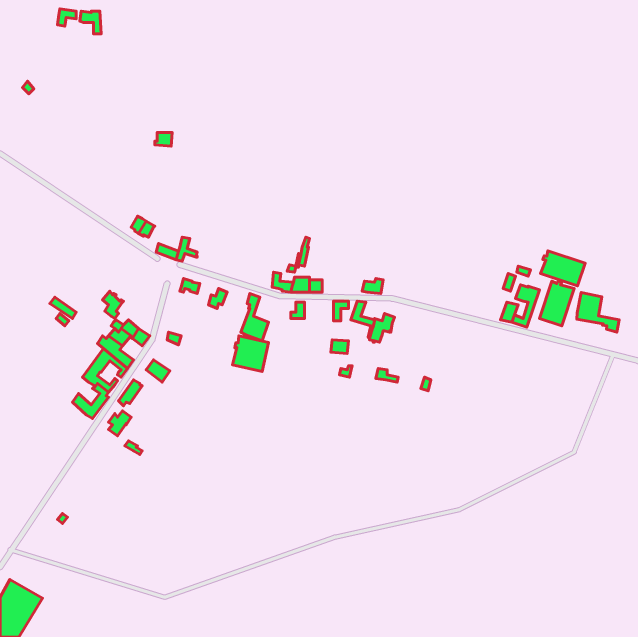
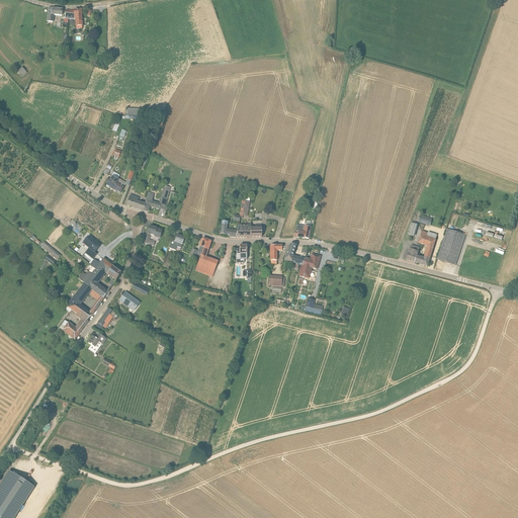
building: [540,251,585,286] -> none
building: [577,292,619,332] -> none
building: [233,336,269,371] -> none

